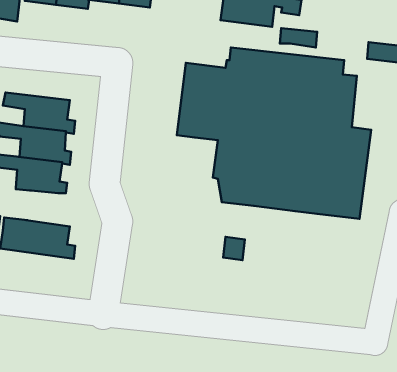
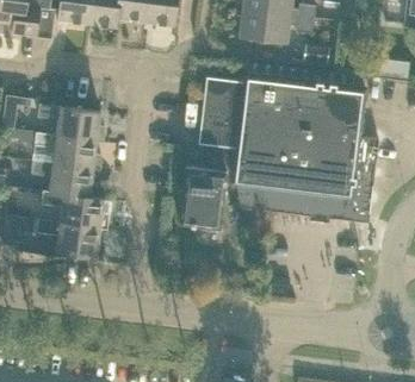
building: none -> [179,146,236,227]
building: none -> [41,192,107,230]

